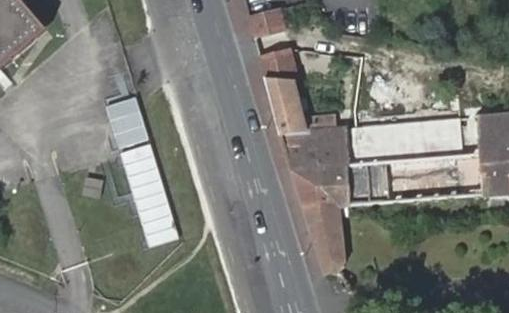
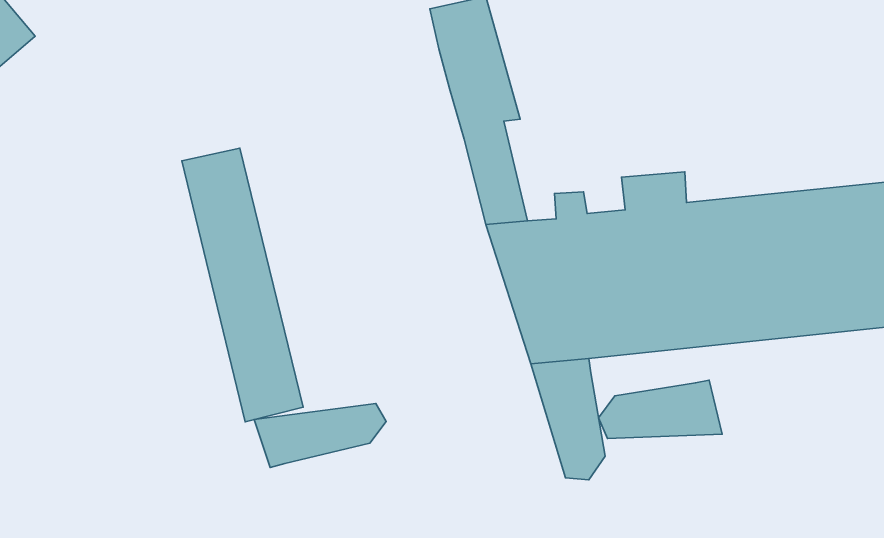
building: none -> [599,380,722,438]
building: none -> [254,403,386,467]

